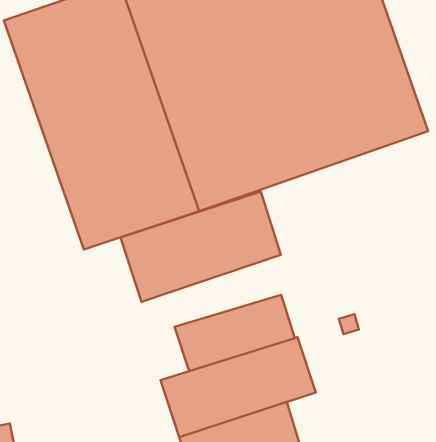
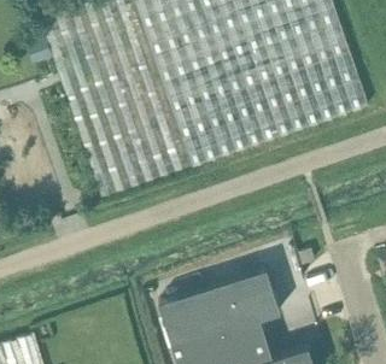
building: [121,192,281,302] -> none
building: [175,295,295,371] -> none

